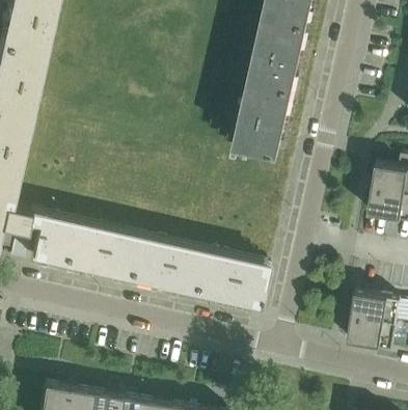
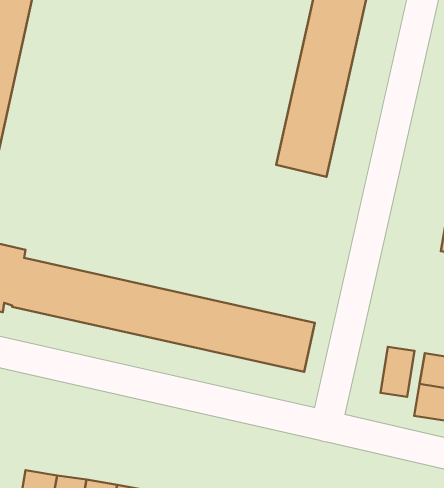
building: none -> [380,347,415,397]

